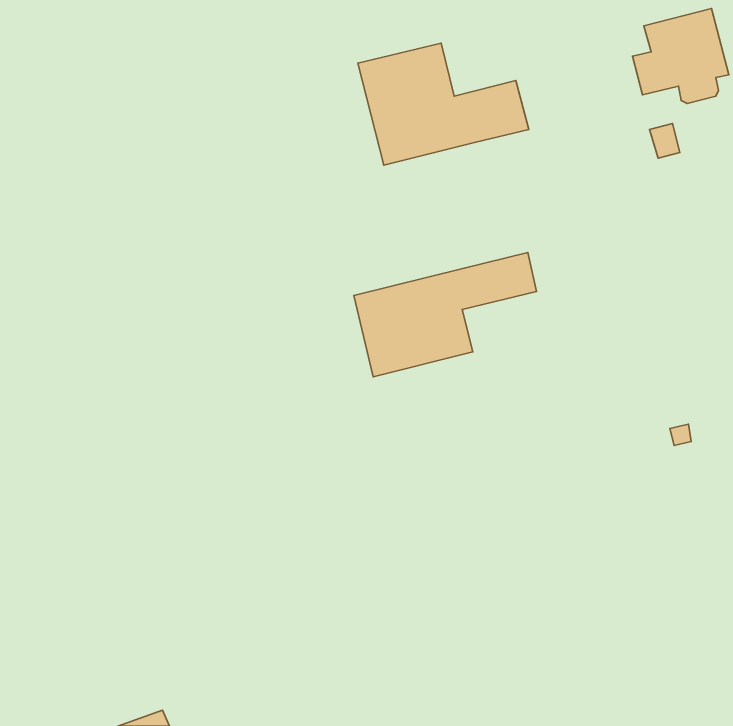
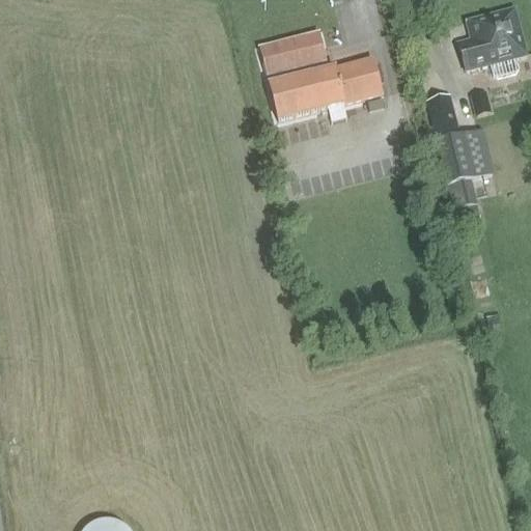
building: none -> [425,92,495,224]
building: [354,252,537,377] -> none

